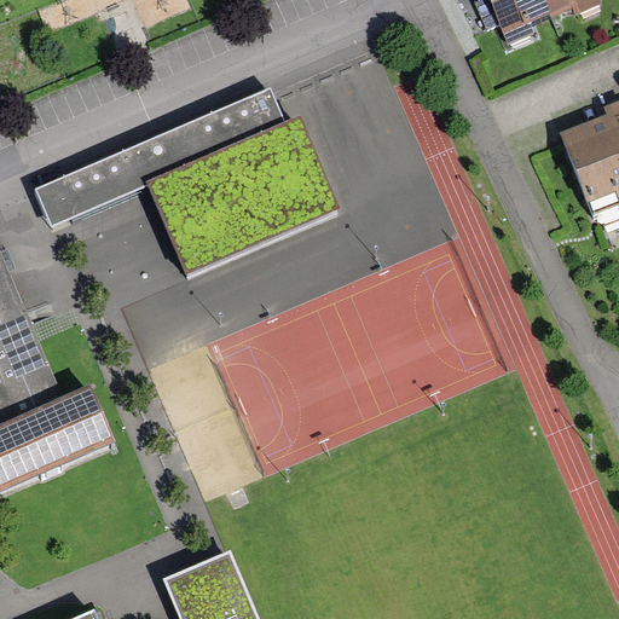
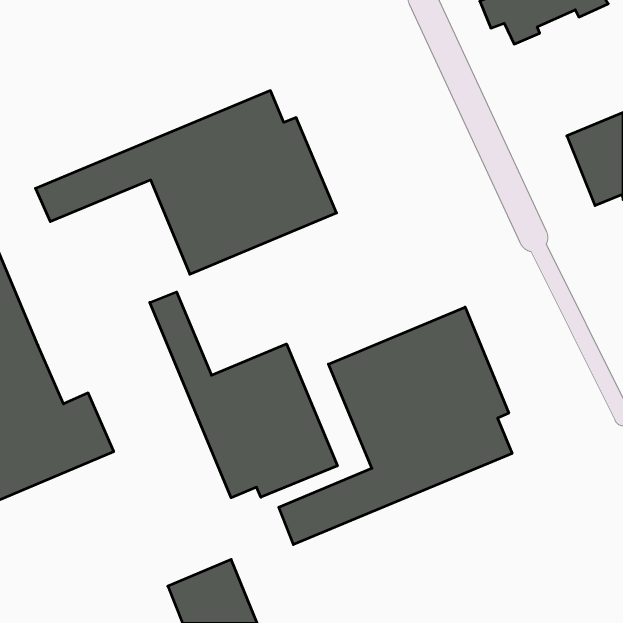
building: none -> [150,292,337,498]
building: none -> [279,307,512,545]

